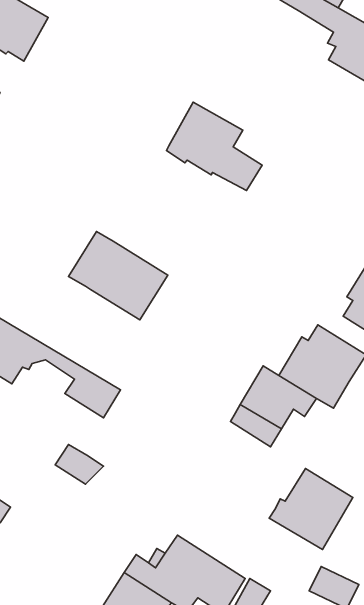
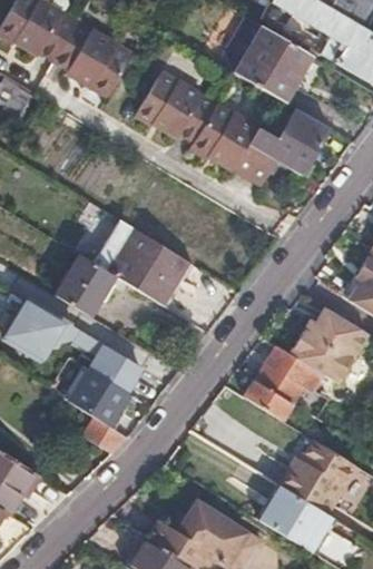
building: none -> [55,23,132,99]
building: none -> [234,23,313,102]
building: none -> [130,70,210,141]
building: none -> [247,108,328,174]
building: none -> [57,253,116,313]
building: none -> [72,370,134,426]
building: none -> [265,484,334,551]

